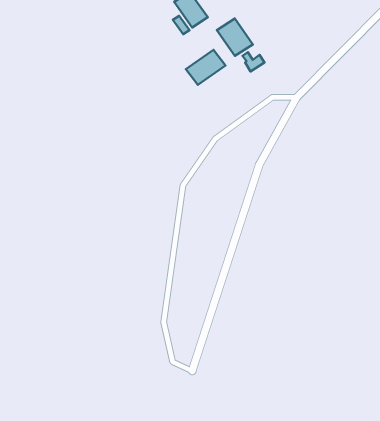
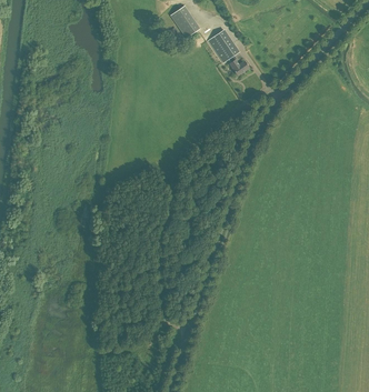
building: [186,50,225,85] -> none

